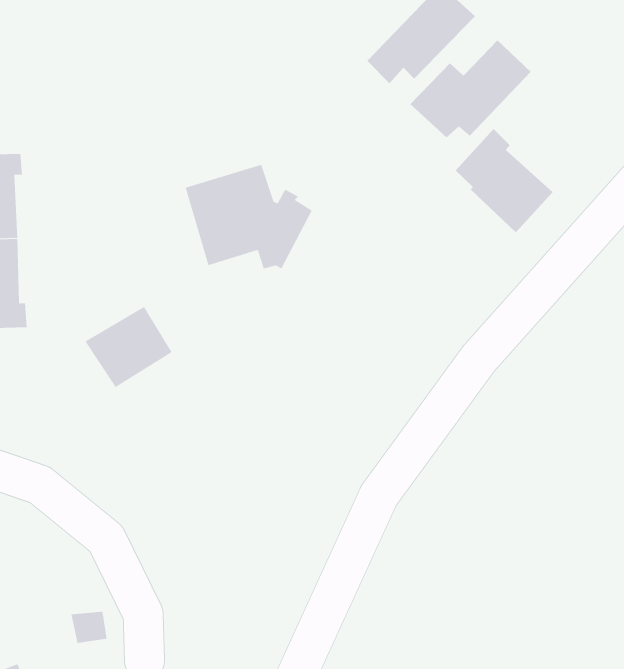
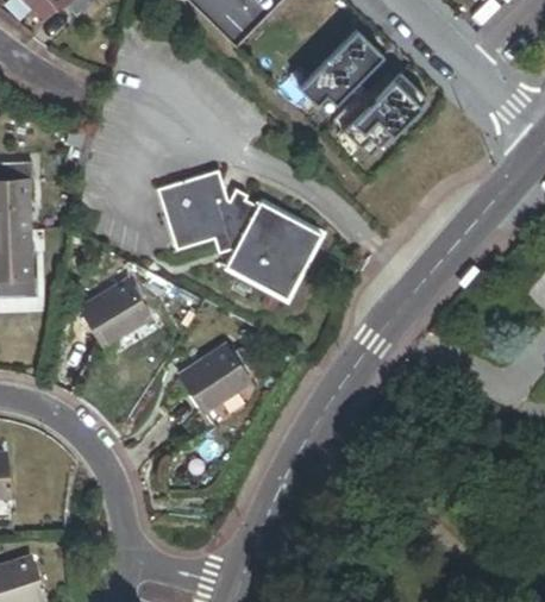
building: [455,128,553,233] -> none
building: none -> [224,196,326,301]
building: none -> [181,345,249,410]

